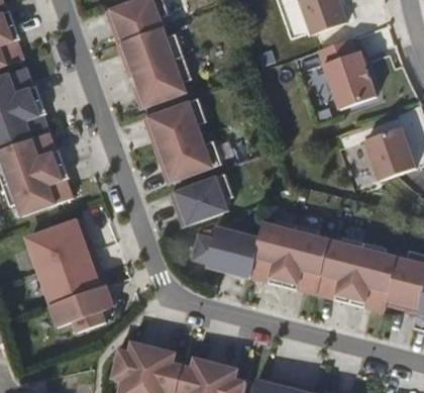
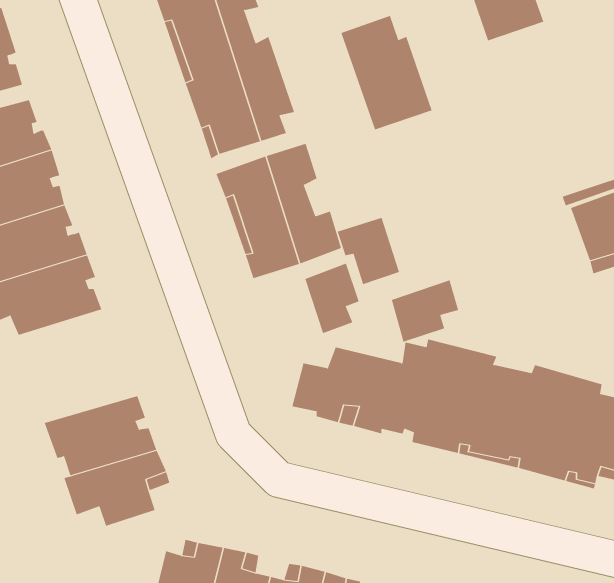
building: [321,35,379,107] -> [340,15,433,130]
building: [171,181,210,223] -> [337,217,400,285]
building: none -> [391,280,459,343]
building: [29,219,95,271] -> none

